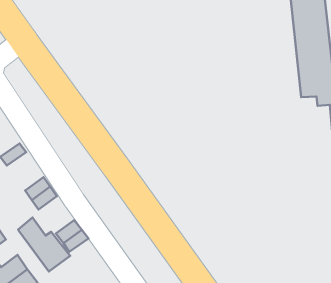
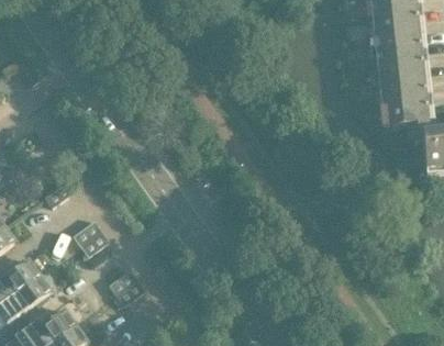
building: [18,217,70,271] -> none

